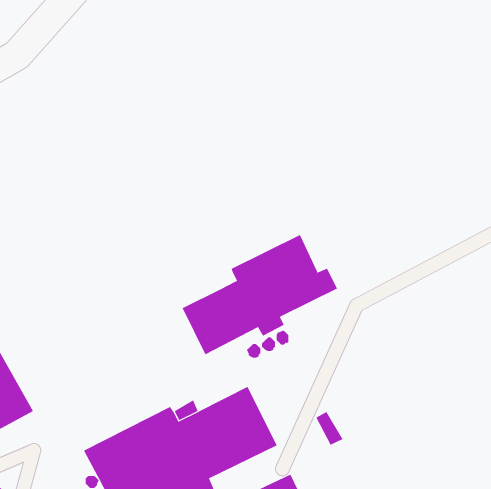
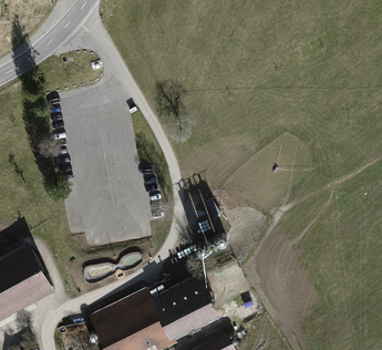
building: [182,234,338,355] -> none

